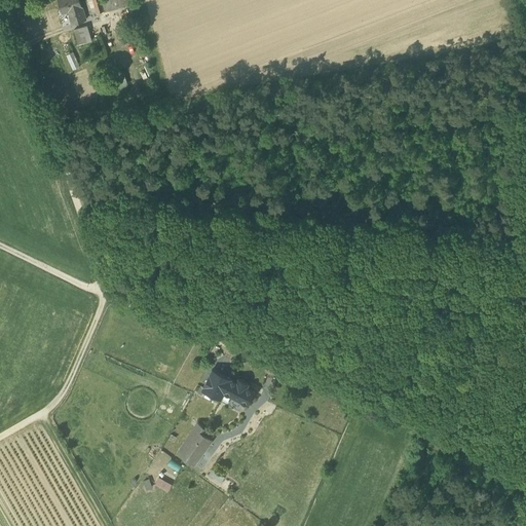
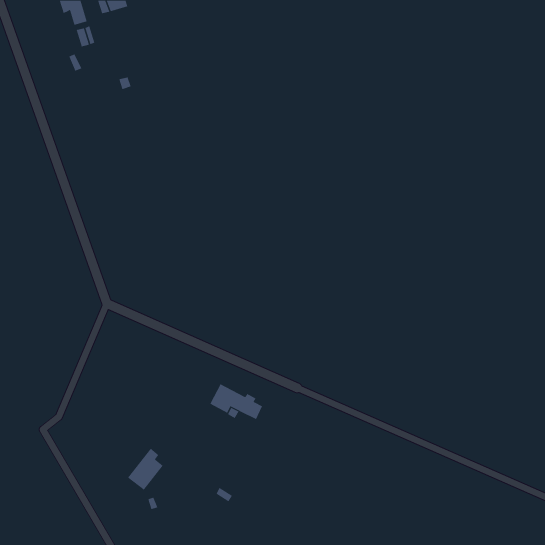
building: [176,424,211,465] -> [127,448,163,490]

